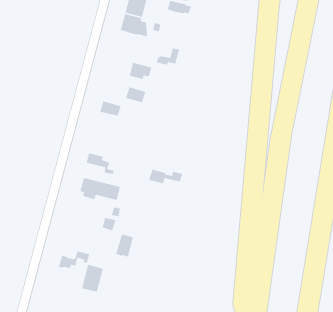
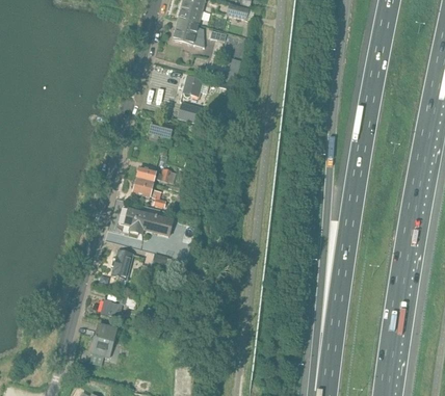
building: [148,169,183,184] -> [135,166,176,184]
building: [115,233,134,258] -> [110,250,132,279]
building: [81,264,104,293] -> [90,323,116,357]

